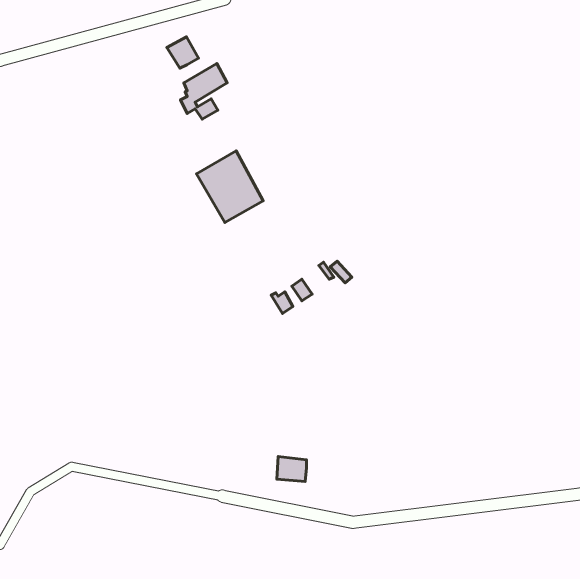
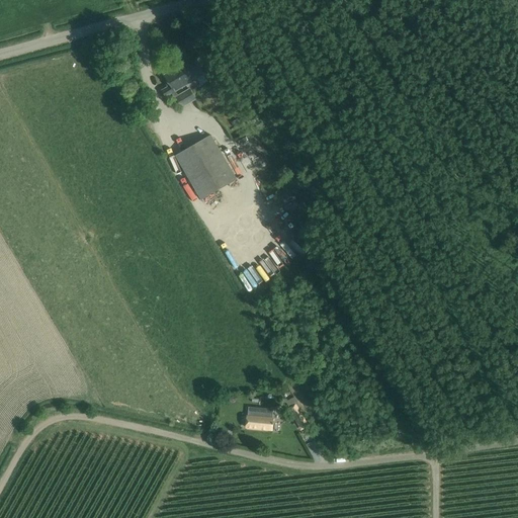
building: [167,37,199,68] -> none

